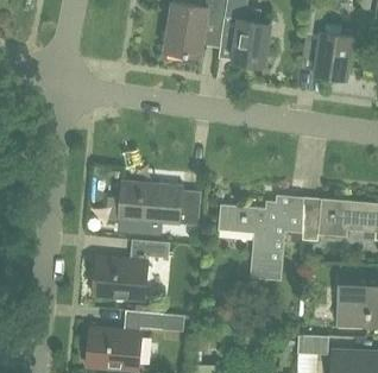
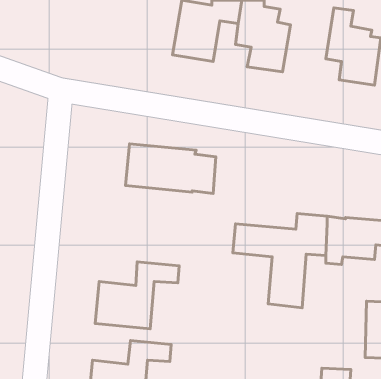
building: [118,181,200,226] -> [125,144,216,194]

